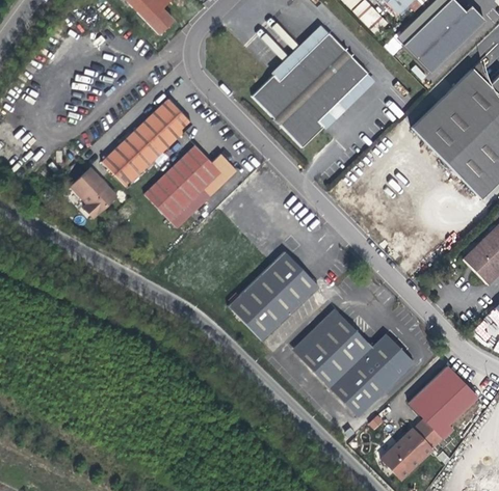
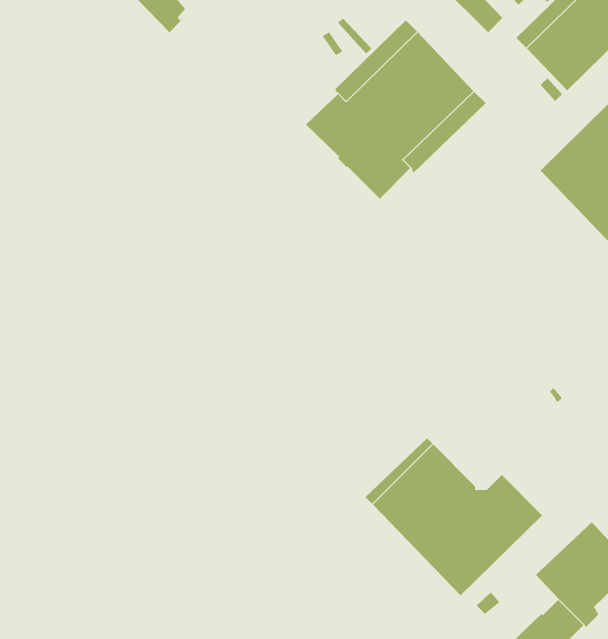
building: [103,98,192,186] -> none
building: [146,144,238,220] -> none
building: [72,167,117,217] -> none
building: [229,250,320,340] -> none

